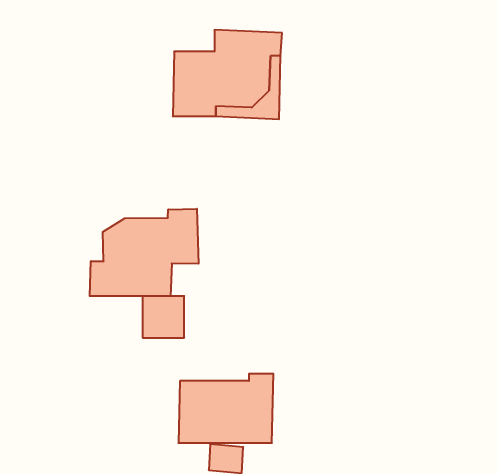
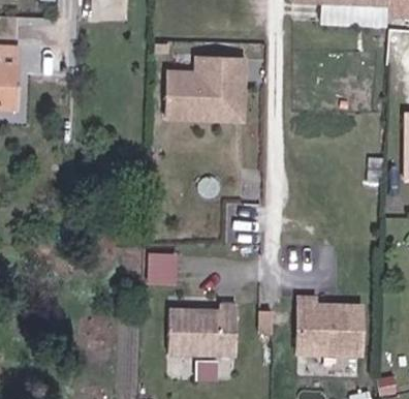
building: [90,209,199,296] -> none
building: none -> [301,295,367,351]

